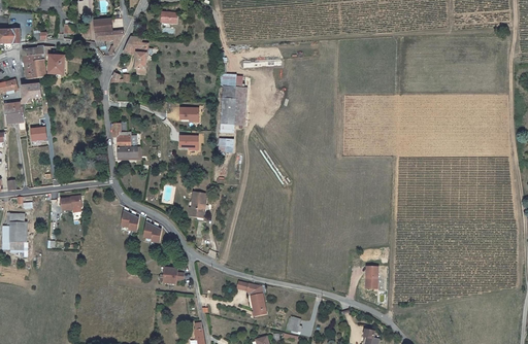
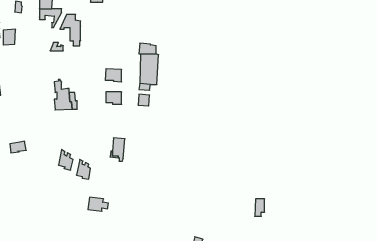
building: [237,280,264,313] -> none

